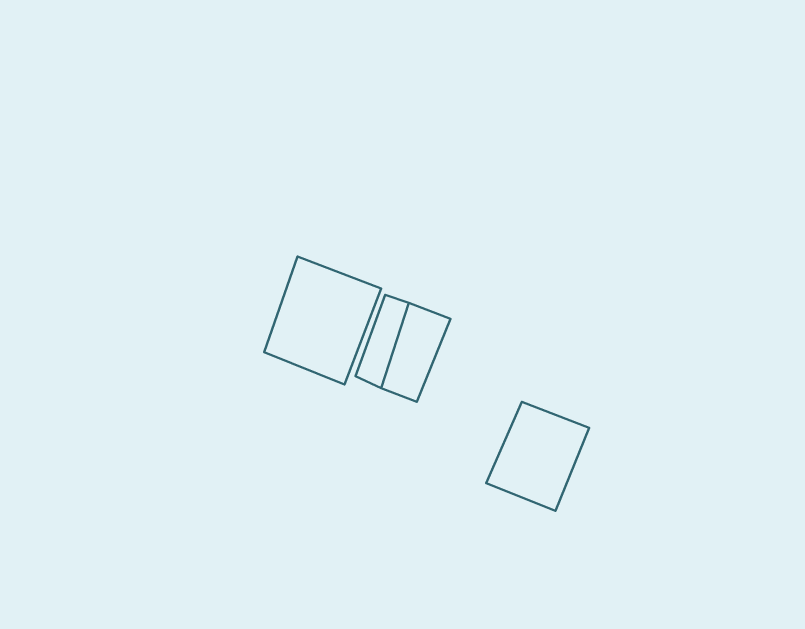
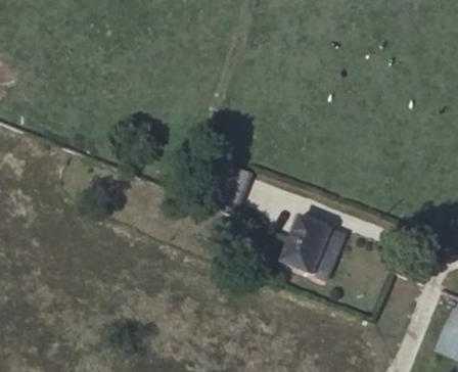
building: [264,256,381,385] -> none

